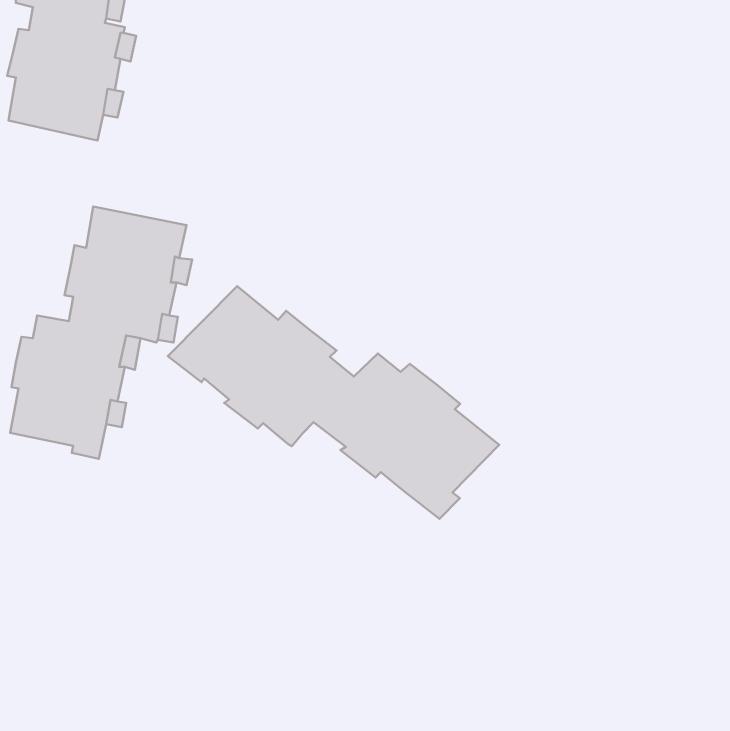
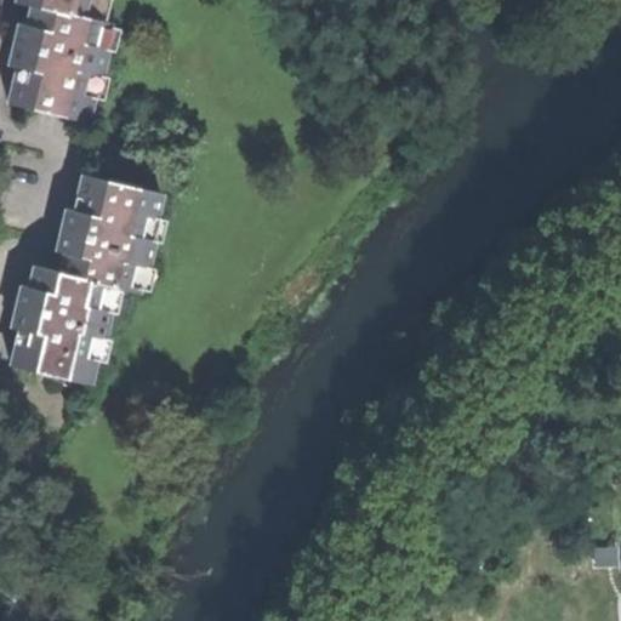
building: [168,286,499,519] -> none

